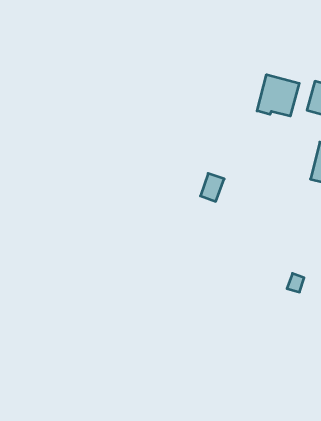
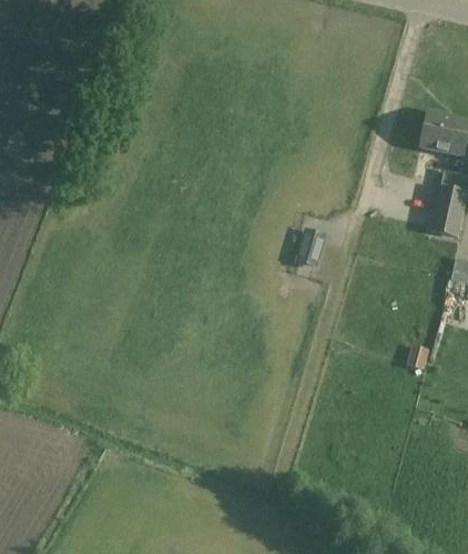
building: [257,75,299,116] -> none

